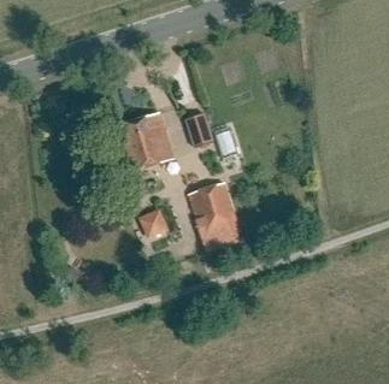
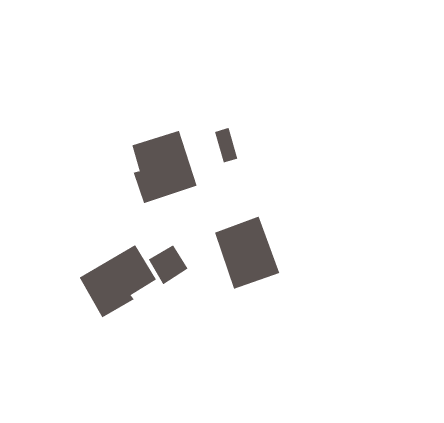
building: none -> [79,244,157,318]

